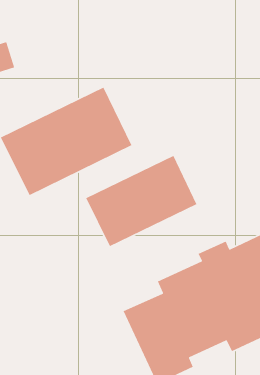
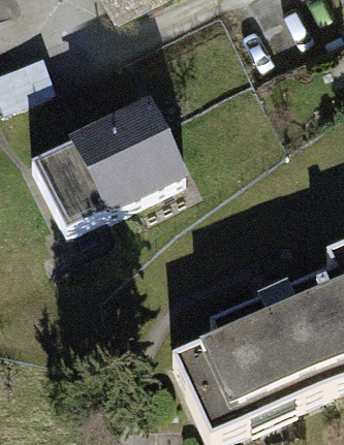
building: [85,155,197,247] -> none

